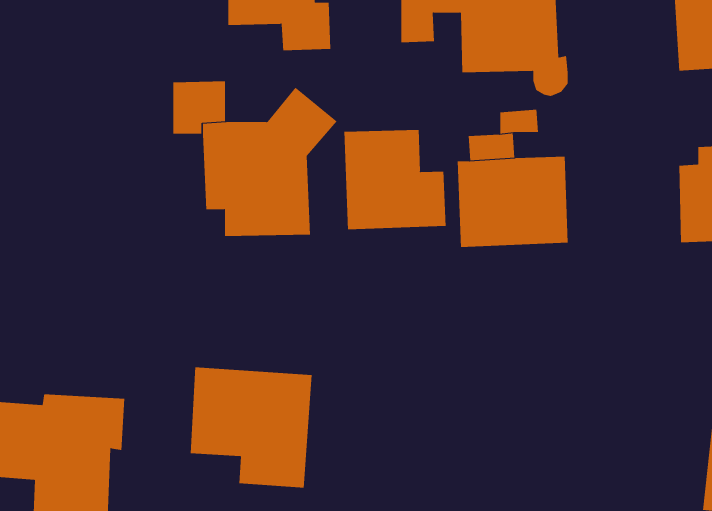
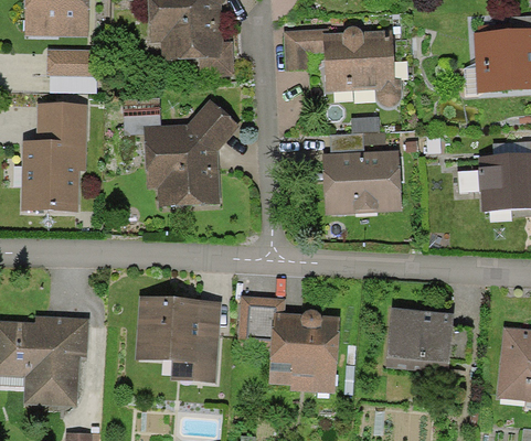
building: none -> [47,50,95,77]
building: none -> [21,106,87,209]
building: [344,129,446,230] -> none
building: none -> [236,295,338,390]
building: none -> [384,309,453,372]

